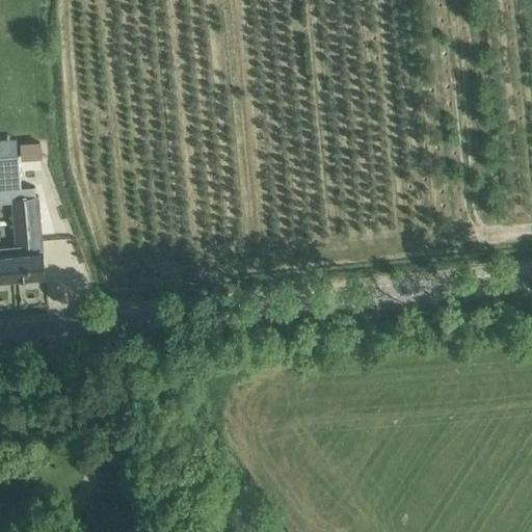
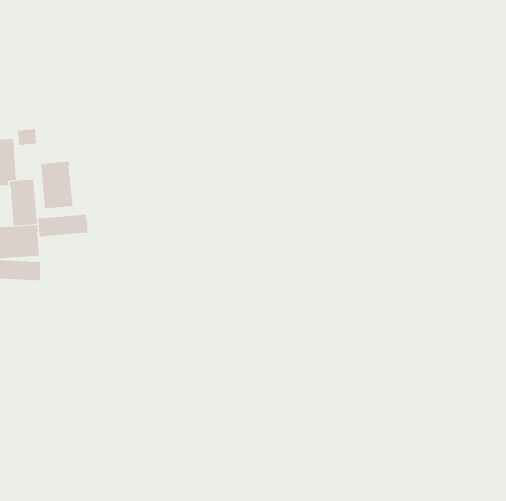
building: none -> [41,161,73,209]
building: none -> [37,214,88,238]

